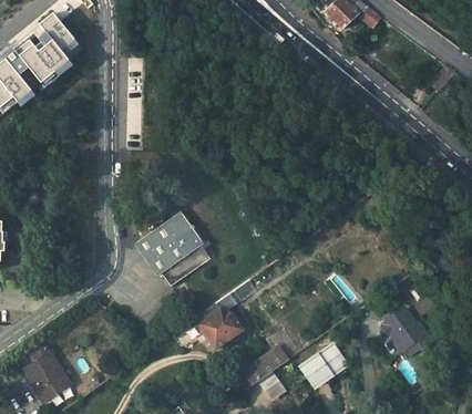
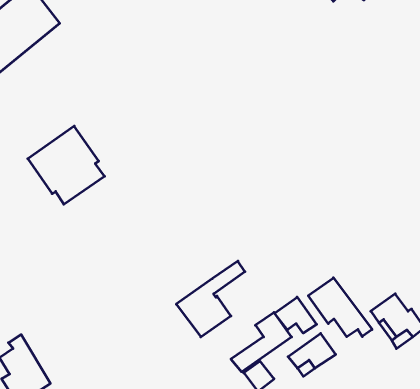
building: [135,210,208,284] -> [28,126,105,204]
building: none -> [308,278,372,337]
building: none -> [275,297,317,333]

